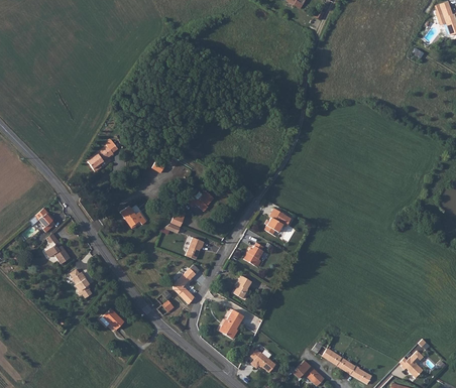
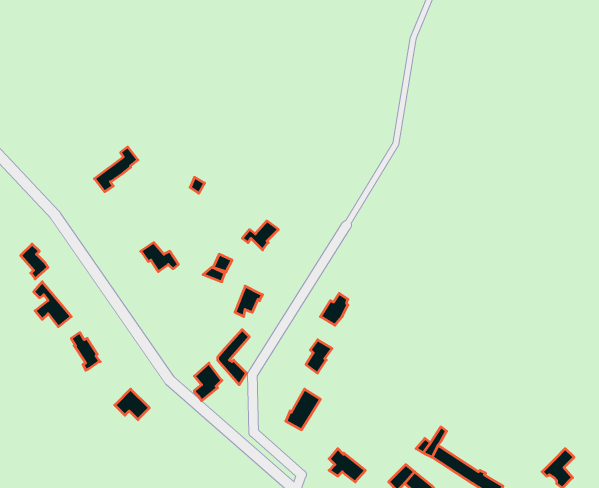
building: [264,208,292,234] -> none

